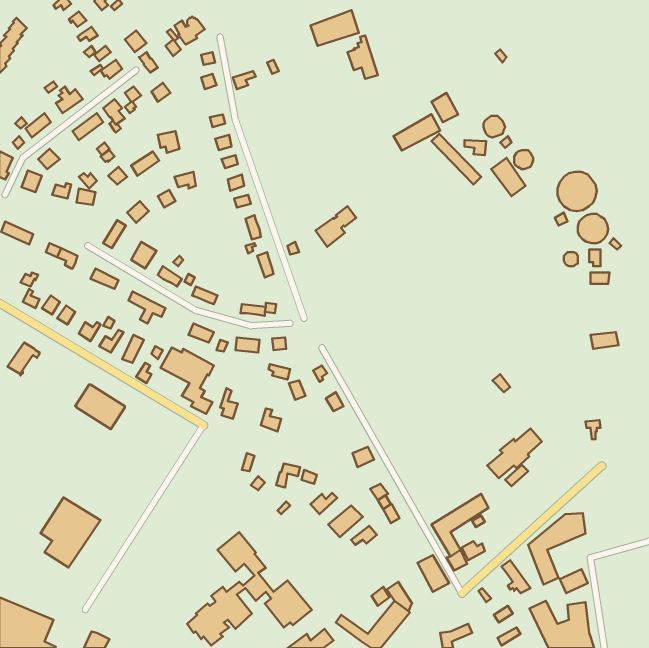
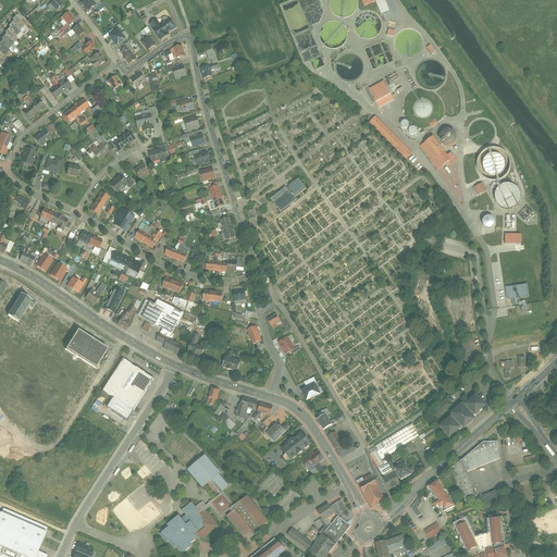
building: [311,10,359,46] -> none
building: [394,114,440,151] -> none
building: [487,429,542,478] -> [440,393,486,435]
building: [41,497,100,567] -> [102,358,153,418]

